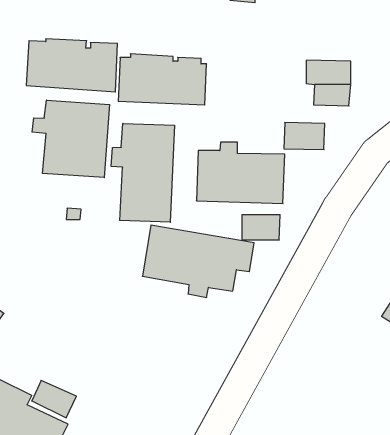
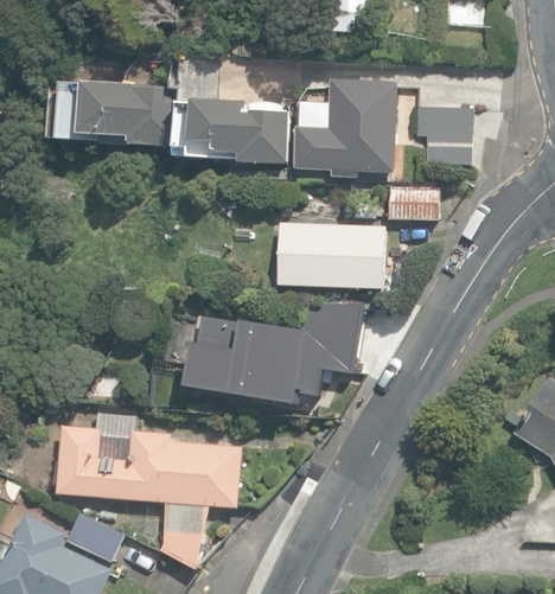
building: none -> [295,78,398,177]
building: [32,100,110,178] -> none
building: [111,123,174,222] -> none
building: none -> [57,411,242,569]

